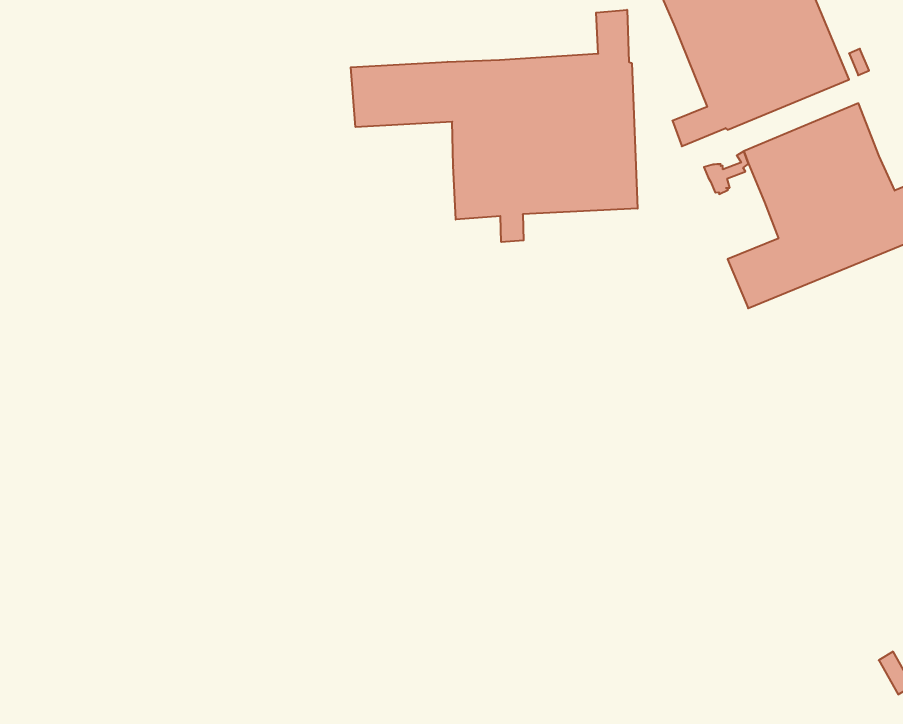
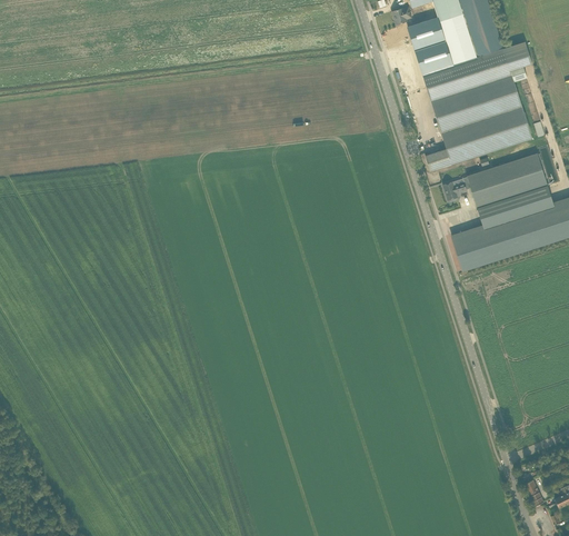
building: [351,10,638,242] -> none

